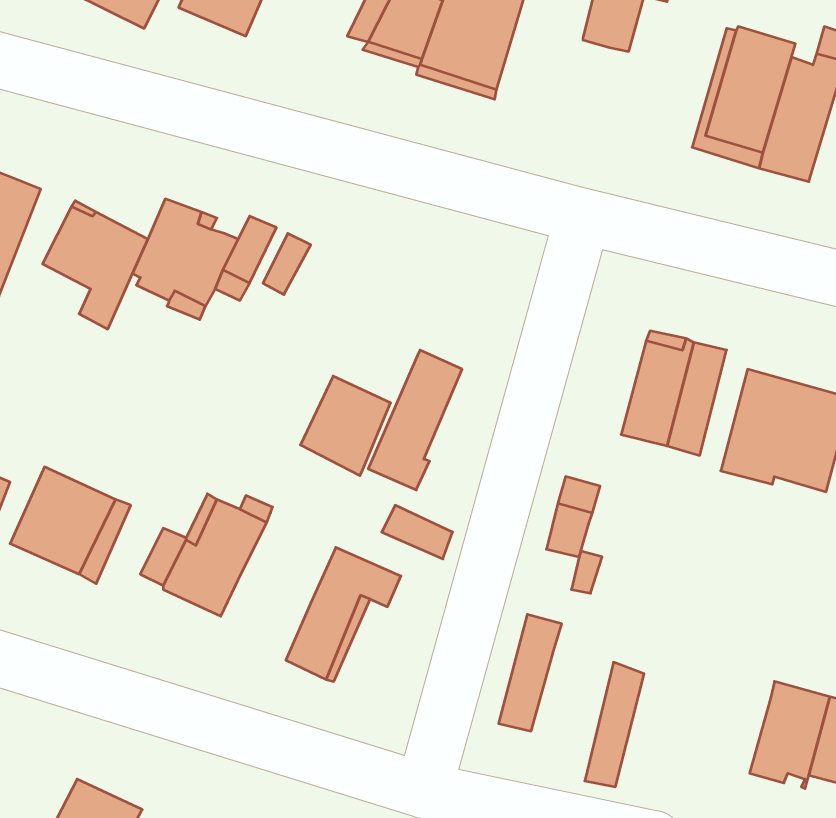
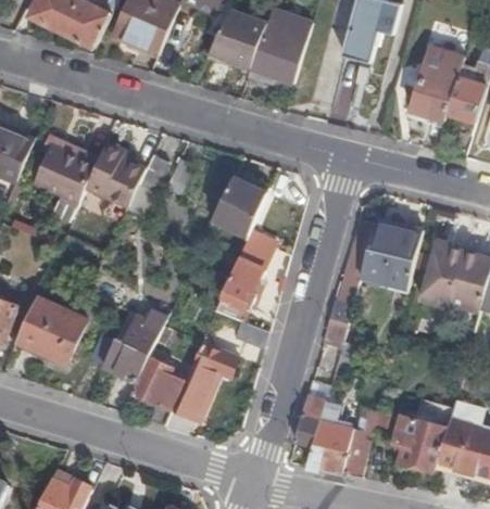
building: [300,376,391,476] -> [215,176,266,232]
building: none -> [133,356,188,420]
building: none -> [307,399,360,474]
building: none -> [393,415,449,470]

